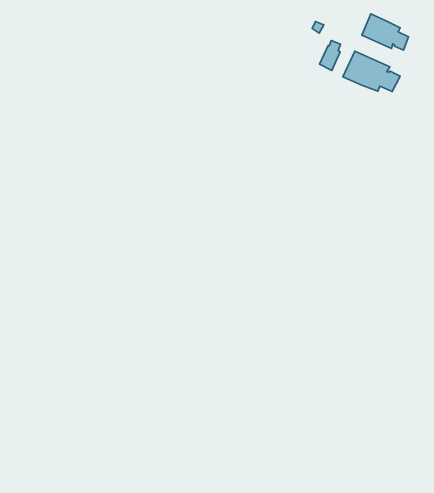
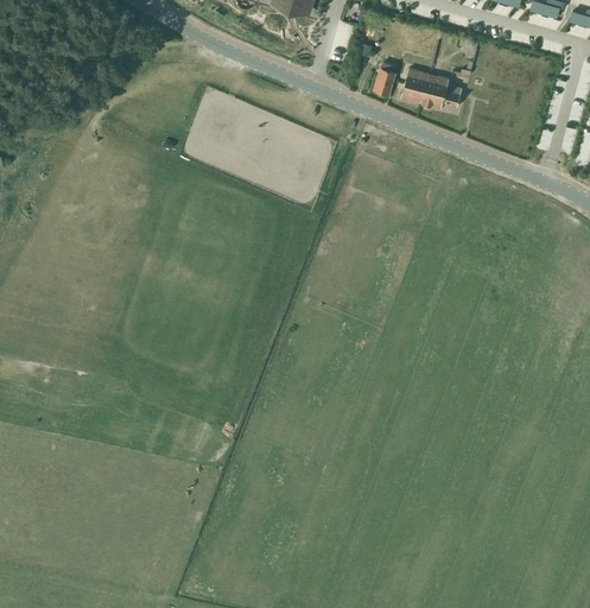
building: [362,14,408,50] -> none

